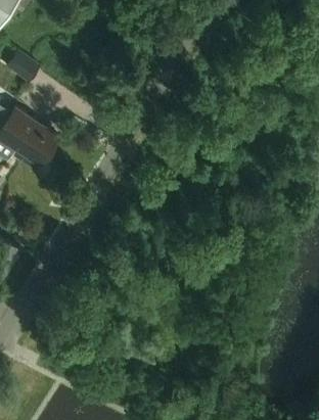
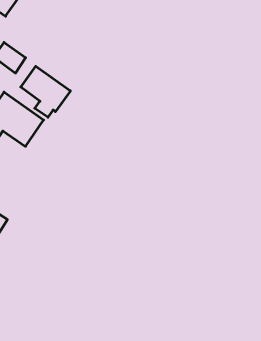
building: none -> [21,66,70,117]

